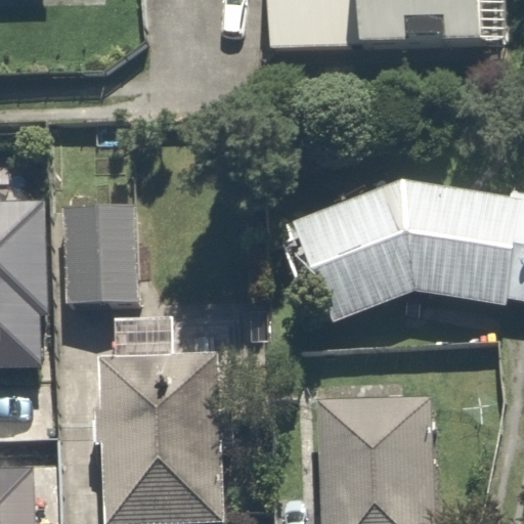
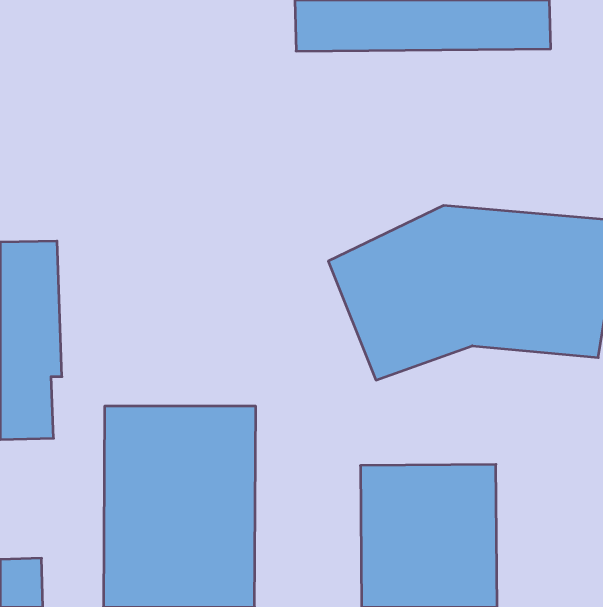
building: [60,186,140,304] -> none

